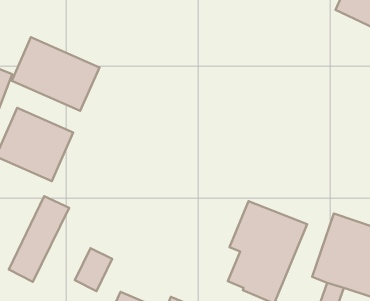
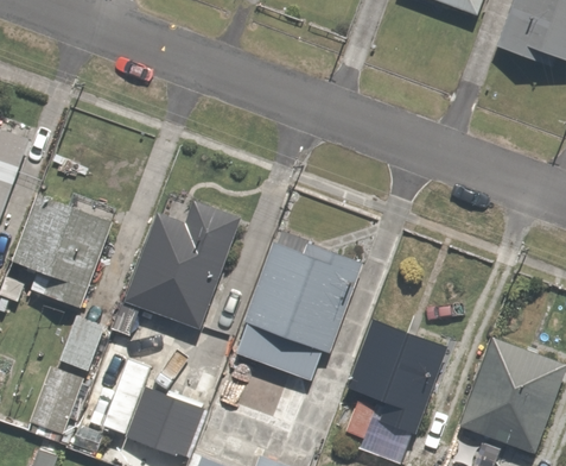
building: [12,37,99,111] -> none
building: none -> [123,201,246,332]
building: none -> [234,240,355,380]

